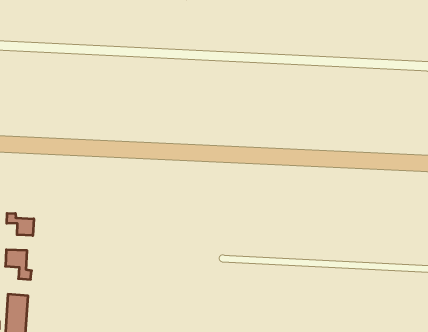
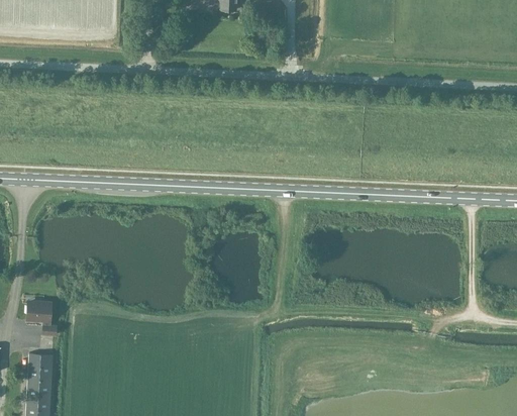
building: [7,213,34,236] -> none

